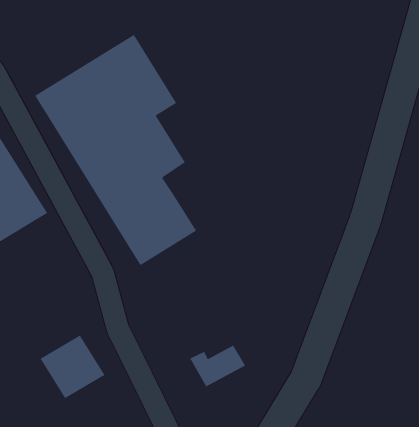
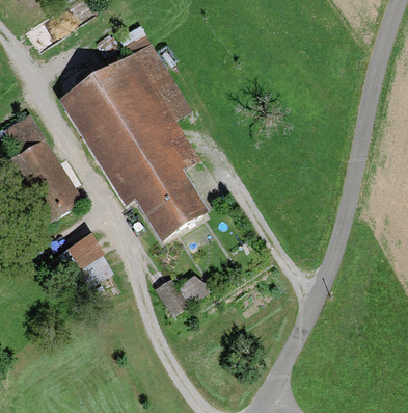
building: [40,335,105,399] -> [56,237,110,290]
building: [189,344,246,387] -> [157,277,203,312]

